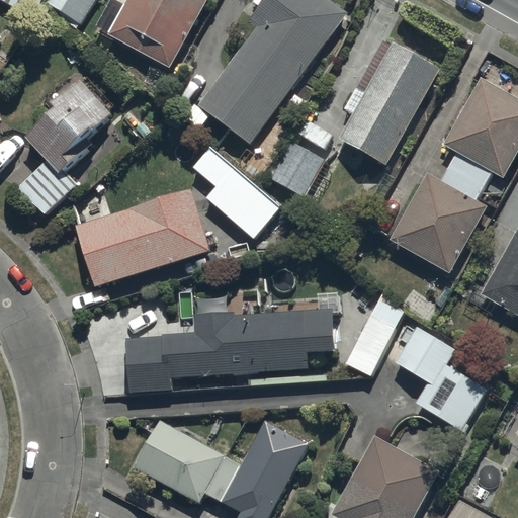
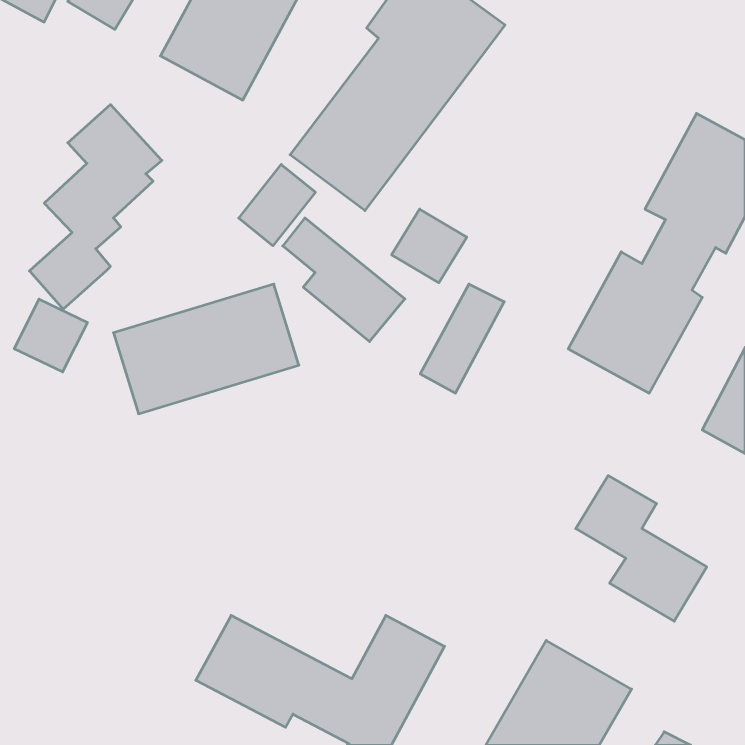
building: [340,45,436,163] -> none
building: none -> [239,164,315,246]
building: none -> [14,299,87,372]
building: [345,298,403,373] -> [420,284,504,393]
building: [124,308,336,390] -> none

